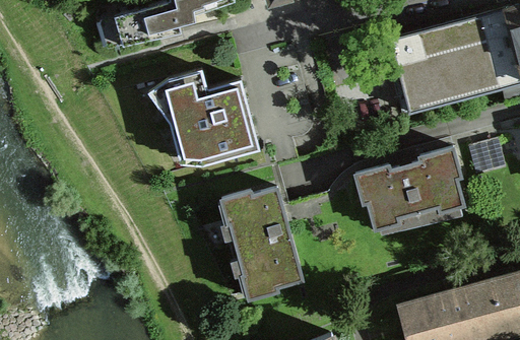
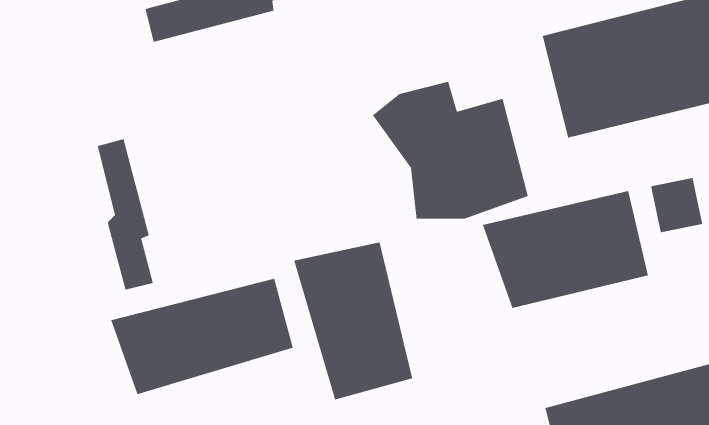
building: [153,74,265,173] -> [372,81,529,220]
building: none -> [97,138,154,290]
building: none -> [110,278,294,395]

